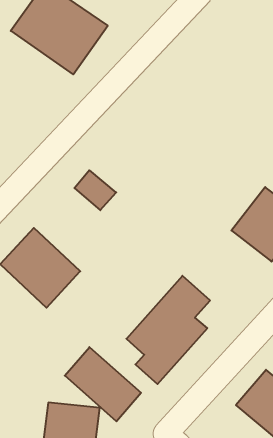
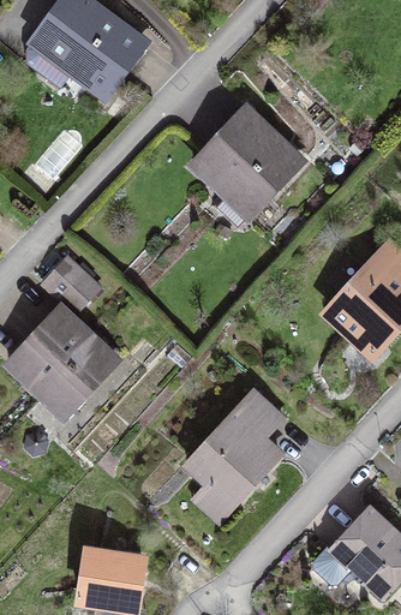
building: none -> [190,107,303,220]
building: [74,170,116,210] -> [52,253,108,308]
building: [65,347,141,421] -> none

